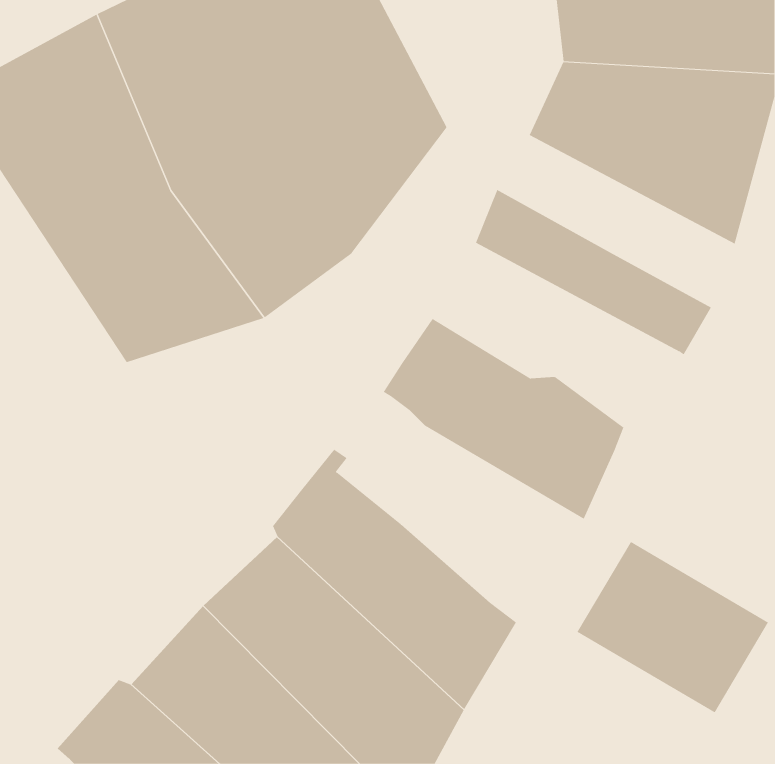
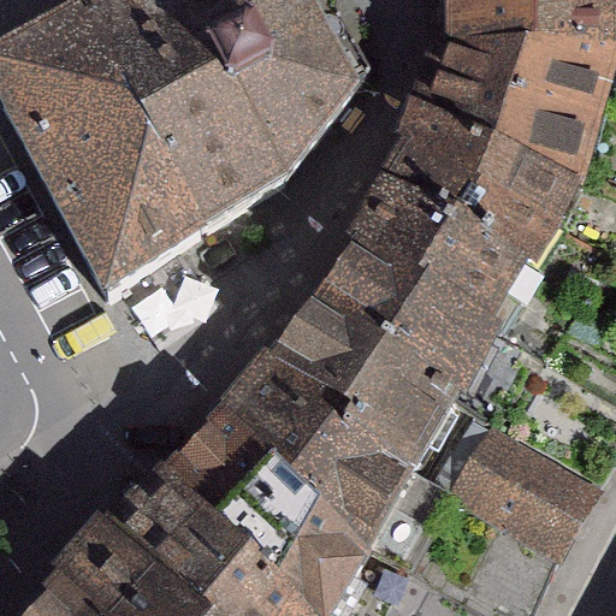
building: none -> [389,106,575,241]
building: none -> [338,190,532,334]
building: none -> [263,310,457,491]

